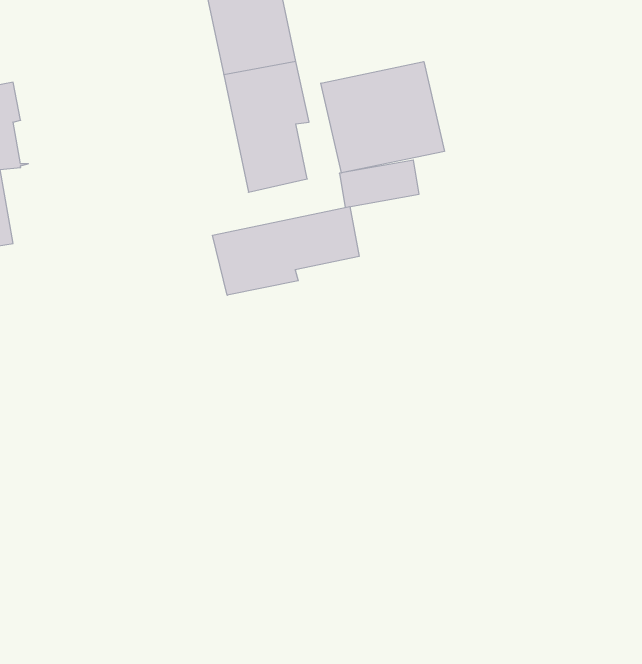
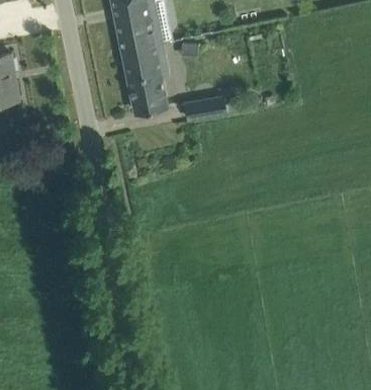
building: [321,62,444,173] -> none
building: [213,207,359,295] -> none

